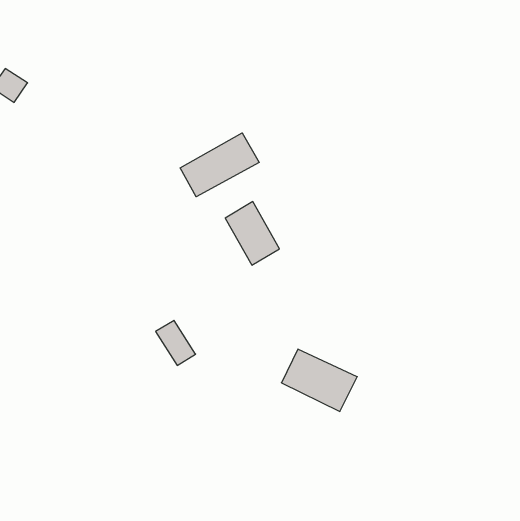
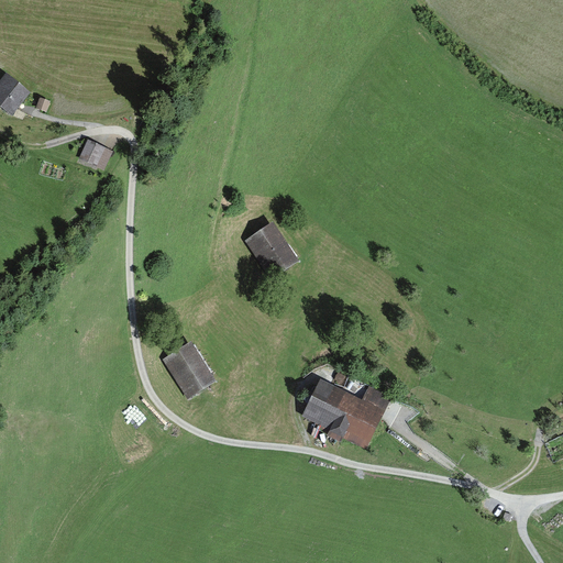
building: none -> [80,142,111,170]
building: [180,133,259,197] -> none

